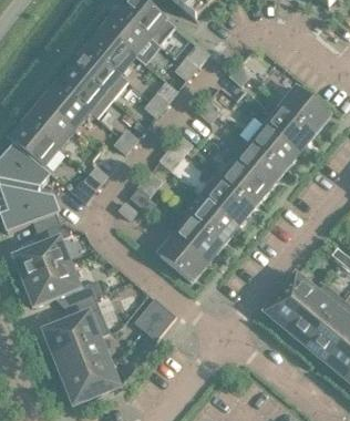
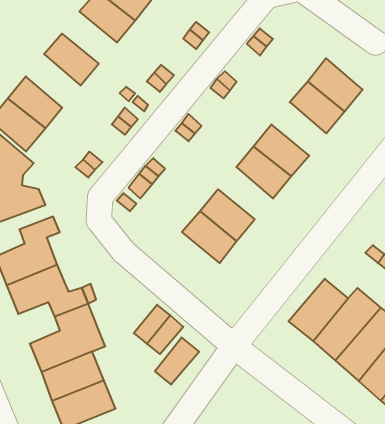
building: [72,47,119,91] -> none
building: [41,83,88,129] -> none
building: [250,124,297,170] -> none
building: [205,179,251,224] -> none
building: [158,235,206,280] -> none
building: none -> [155,337,199,385]

